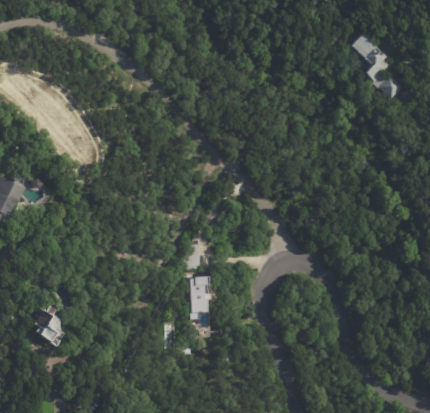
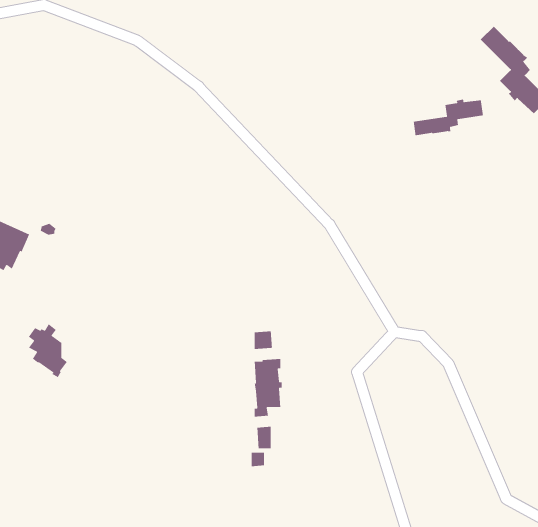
building: none -> [413,98,484,136]
building: [36,305,65,345] -> [28,323,68,378]

